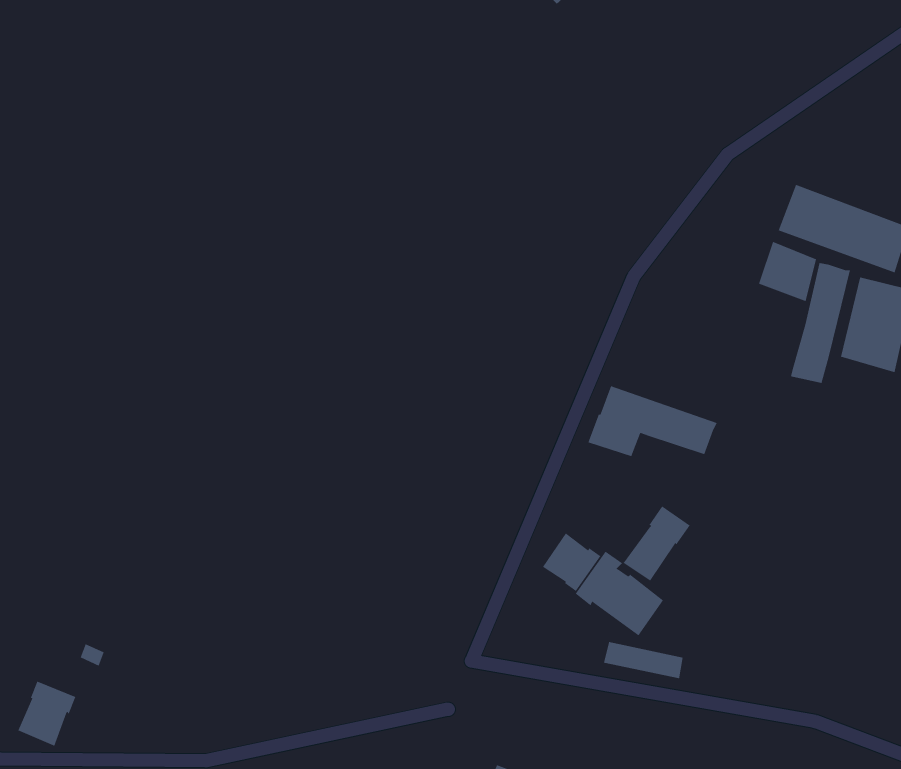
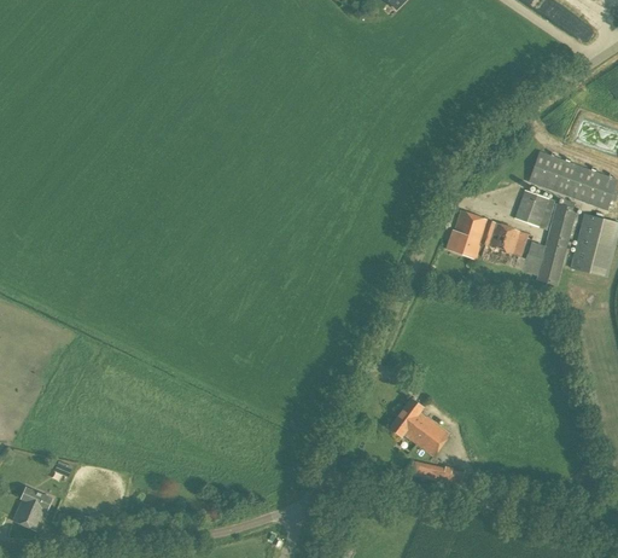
building: [587,386,717,457] -> [445,210,534,258]
building: [623,506,690,581] -> none
building: [542,532,601,592] -> none

